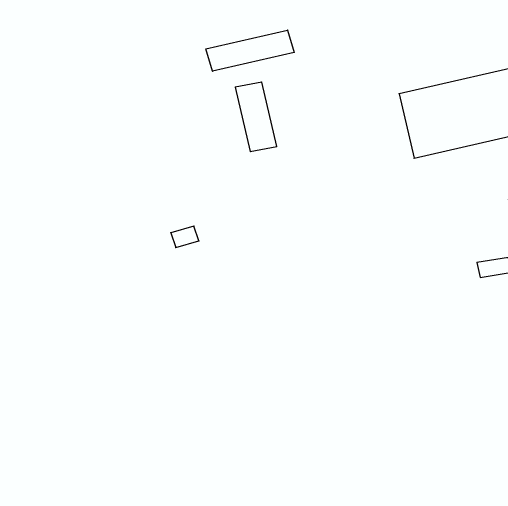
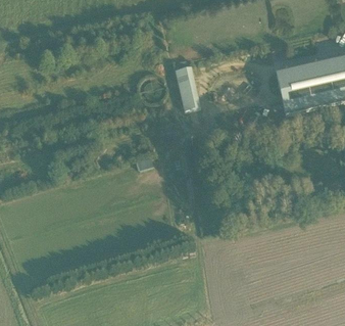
building: [206,30,294,71] -> none

